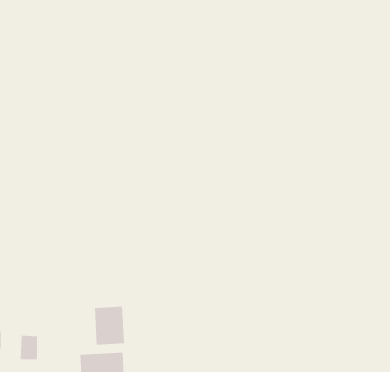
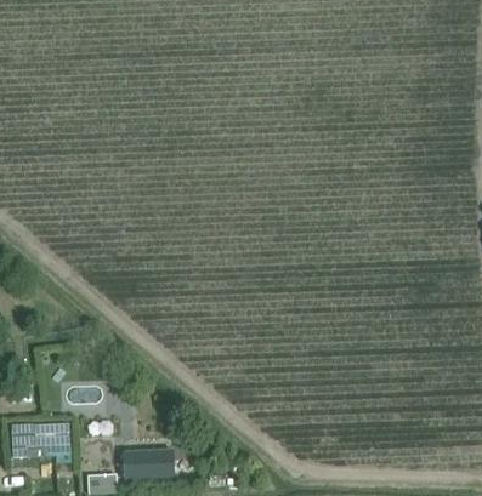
building: [94,306,124,346] -> none

